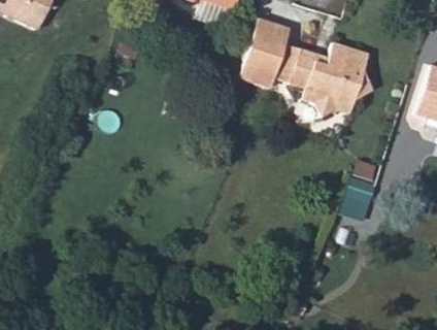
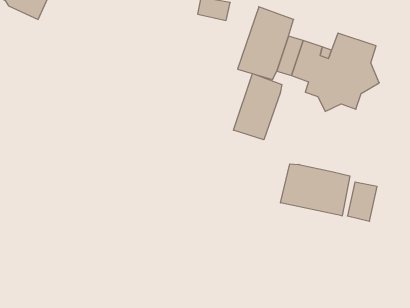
building: none -> [233,74,282,140]
building: none -> [281,164,350,216]

